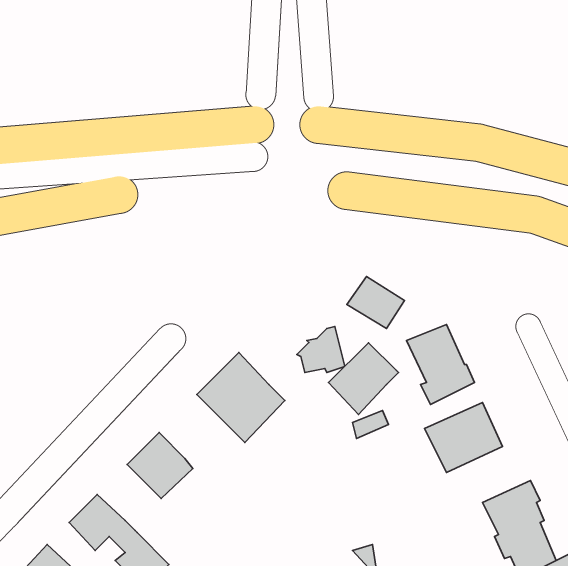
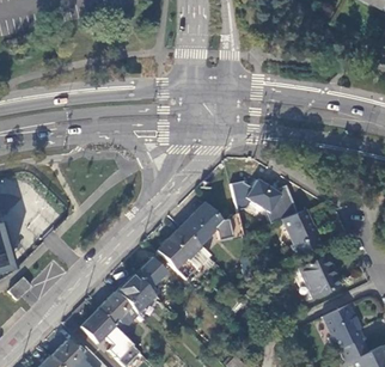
building: [329,343,399,415] -> [181,202,222,245]
building: none -> [133,257,165,289]
building: none -> [96,293,136,332]

